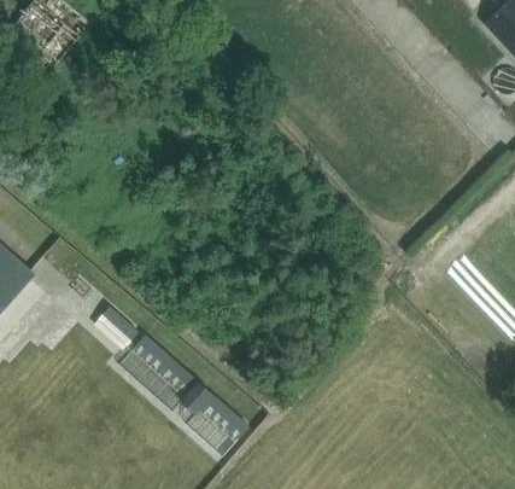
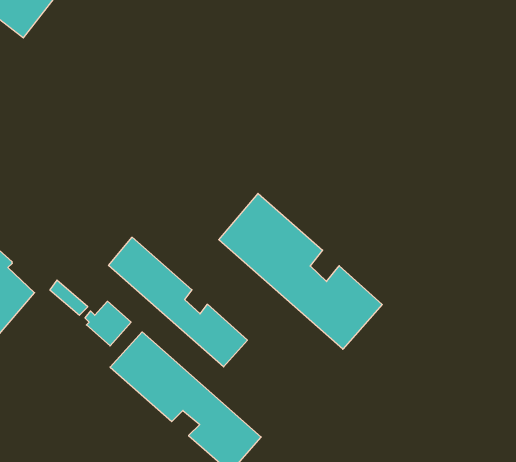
building: none -> [219,193,382,349]
building: none -> [109,237,247,367]

